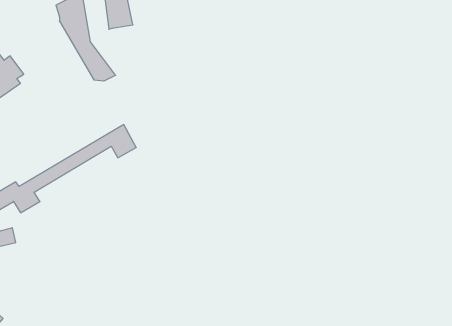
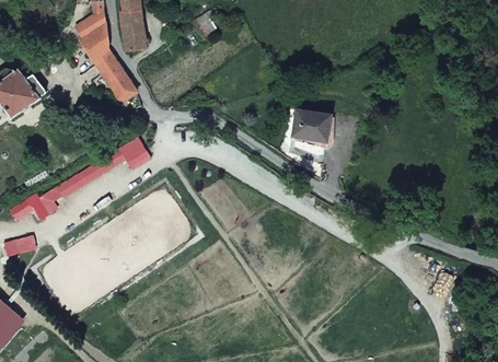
building: none -> [292,114,329,142]

